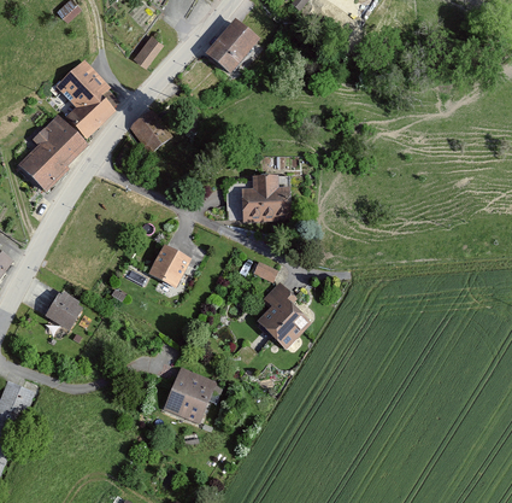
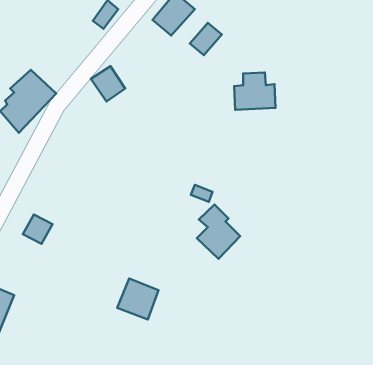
building: none -> [190,23,222,55]
building: [54,59,120,140] -> none
building: [242,175,293,221] -> [234,72,276,110]
building: [148,245,190,288] -> none

